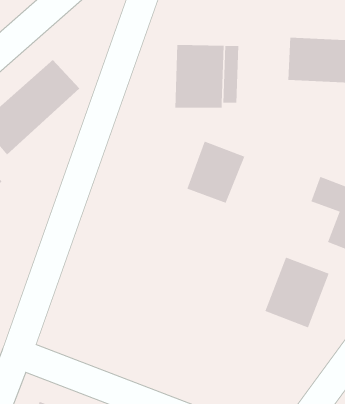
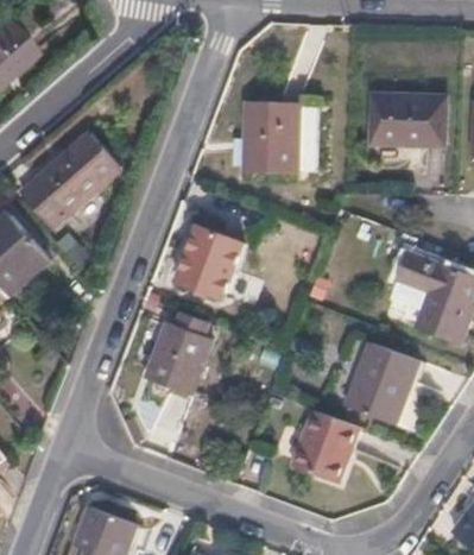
building: [186,141,245,203] -> [176,226,242,297]
building: none -> [145,322,211,395]
building: none -> [293,410,362,484]

